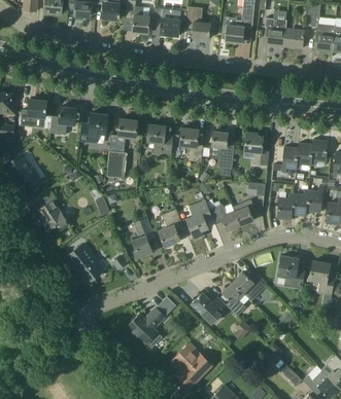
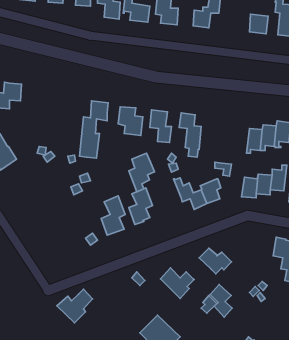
building: [266,21,286,46] -> none
building: [50,106,76,135] -> none
building: [79,112,108,143] -> none
building: [244,133,269,166] -> none
building: [38,199,70,235] -> none
building: [186,199,213,240] -> [129,153,155,192]
building: [67,246,108,278] -> none
building: [277,255,305,289] -> none
building: [223,282,245,316] -> [210,285,232,317]
building: [128,307,165,342] -> [57,289,92,323]

